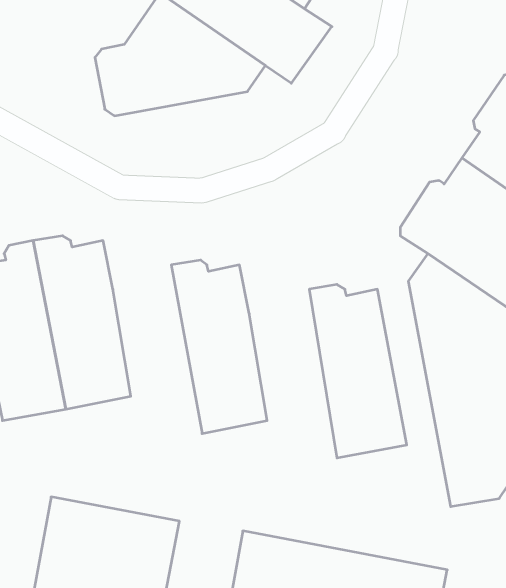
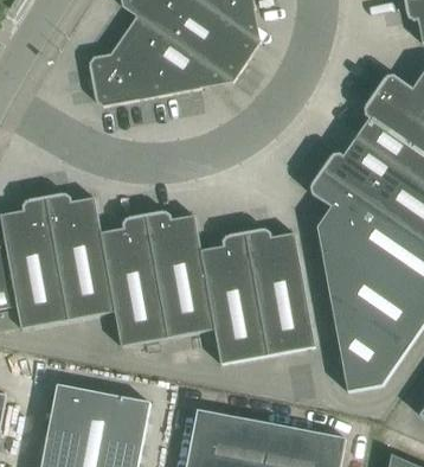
building: none -> [102,215,167,346]
building: none -> [201,232,265,364]

